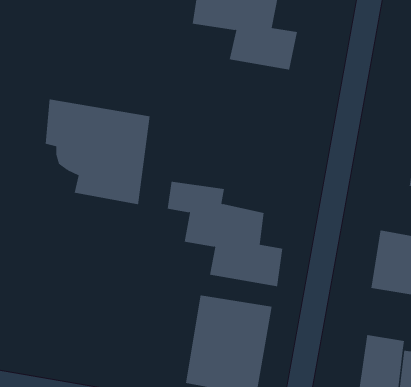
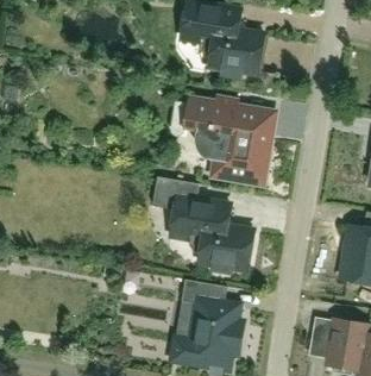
building: [45,99,151,205] -> [183,92,278,187]

